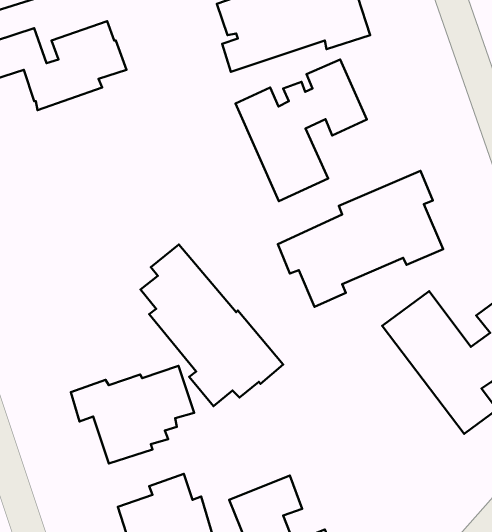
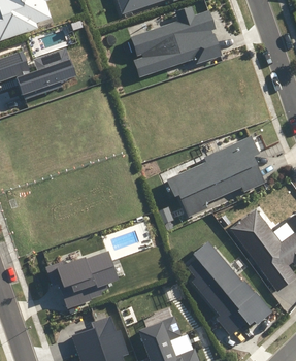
building: [235,60,367,201] -> none
building: [140,244,283,406] -> [186,240,270,336]

